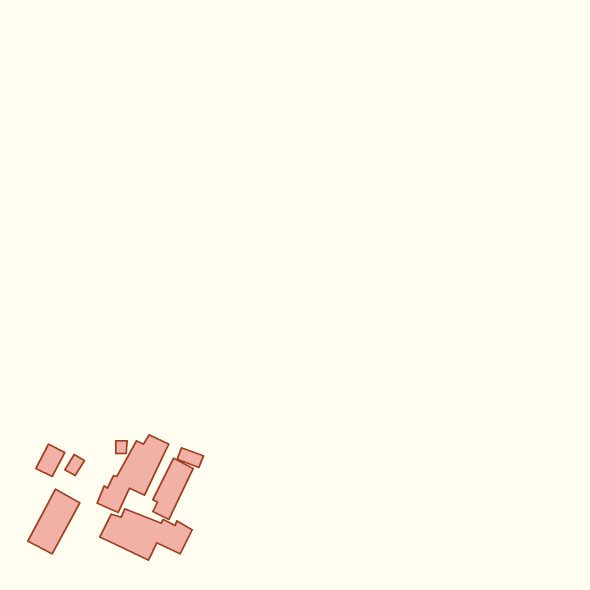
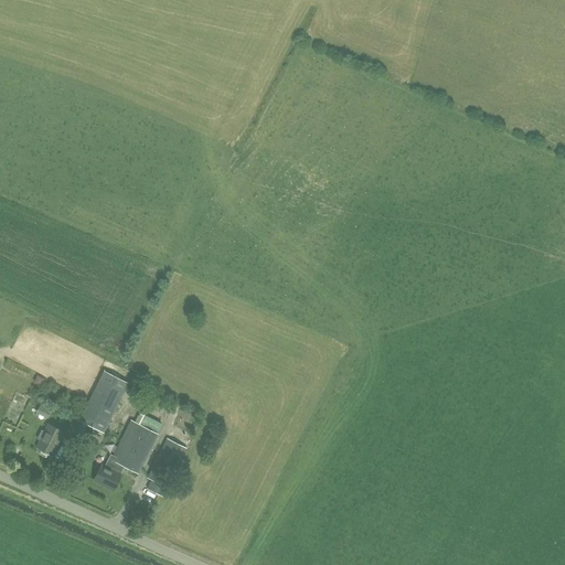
building: [28,489,80,554] -> [78,370,128,431]
building: [100,509,192,560] -> none

